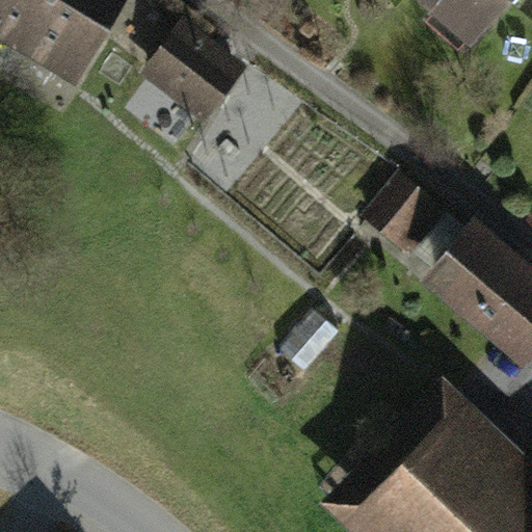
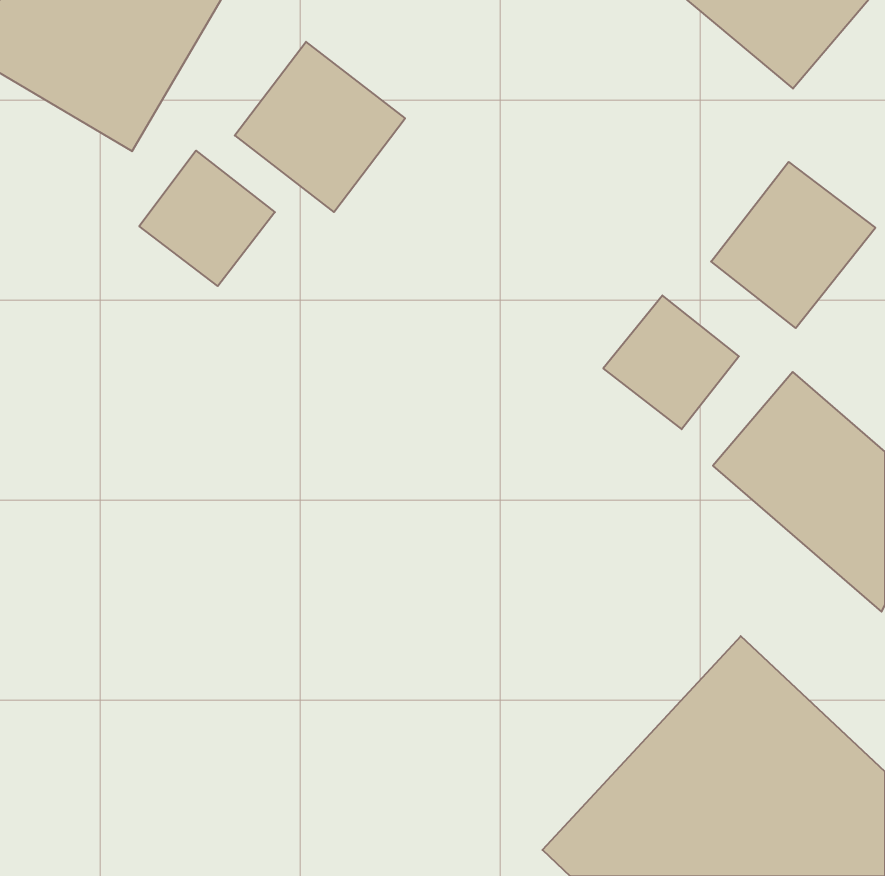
building: none -> [139,151,275,286]
building: none -> [711,162,875,328]

